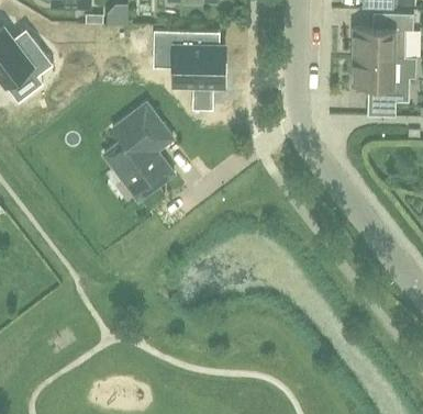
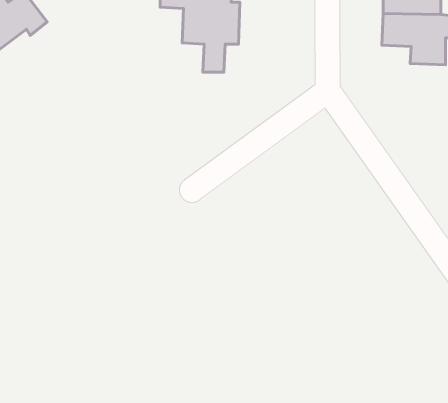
building: [103,103,172,200] -> none

